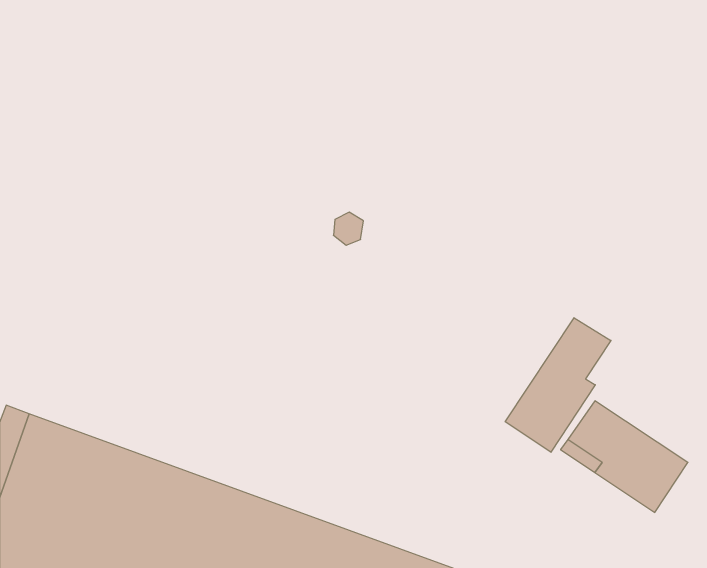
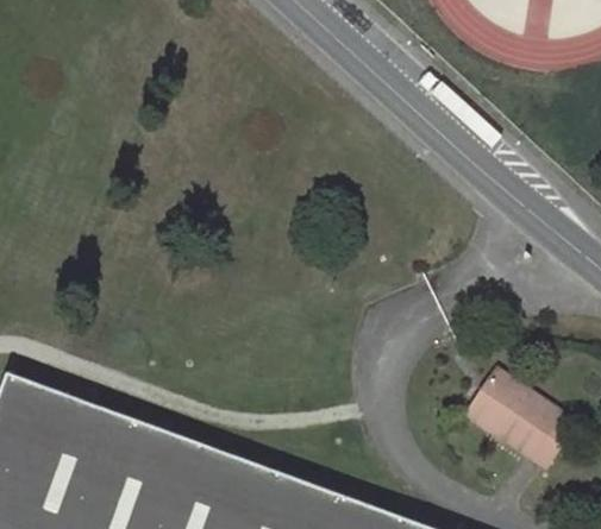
building: [505,318,611,452] -> none

